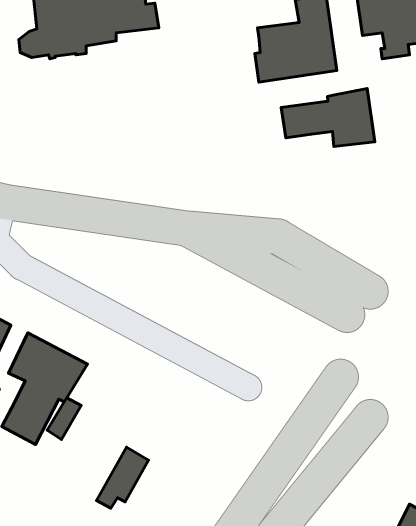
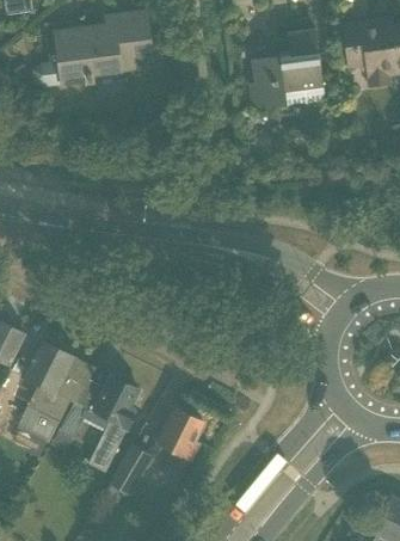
building: [281,88,375,146] -> none
building: none -> [88,376,139,472]
building: none -> [158,408,203,473]

